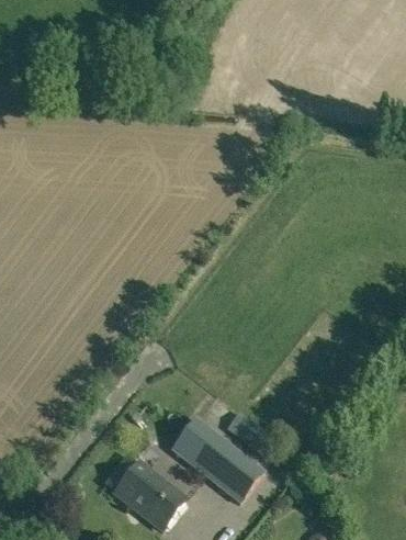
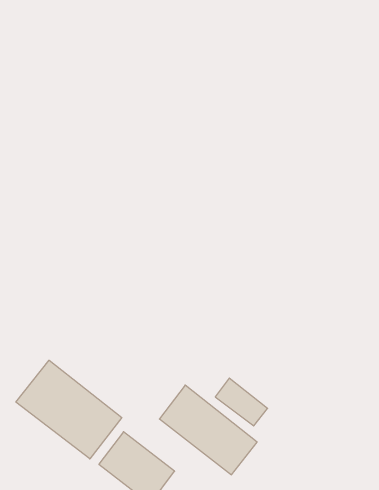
building: none -> [16,360,122,459]

